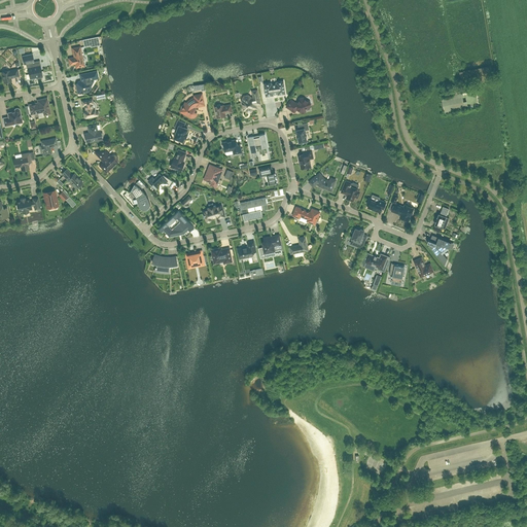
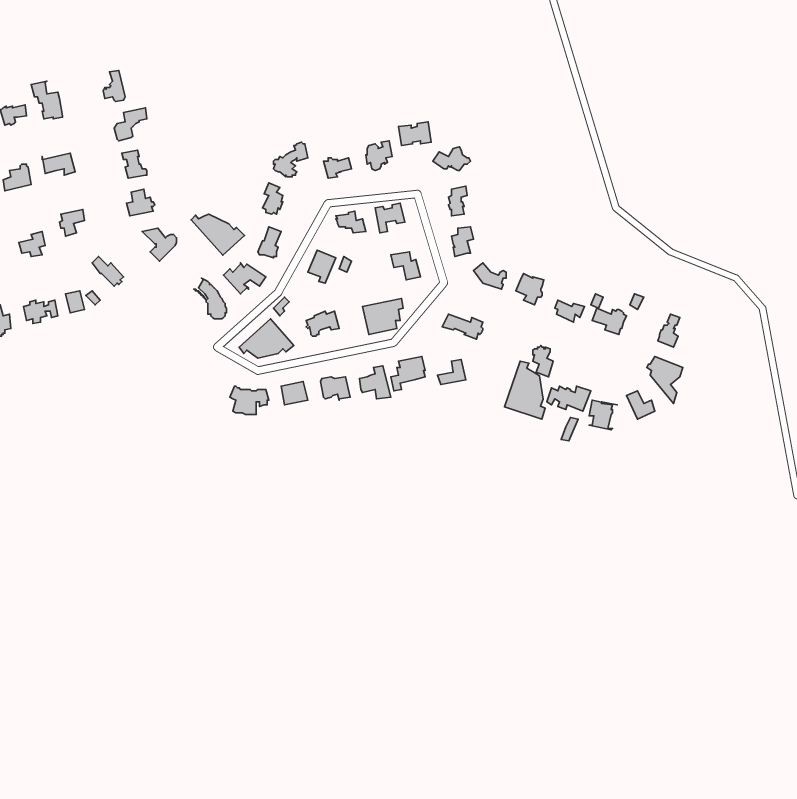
building: none -> [191,214,244,255]
building: none -> [505,361,545,419]

